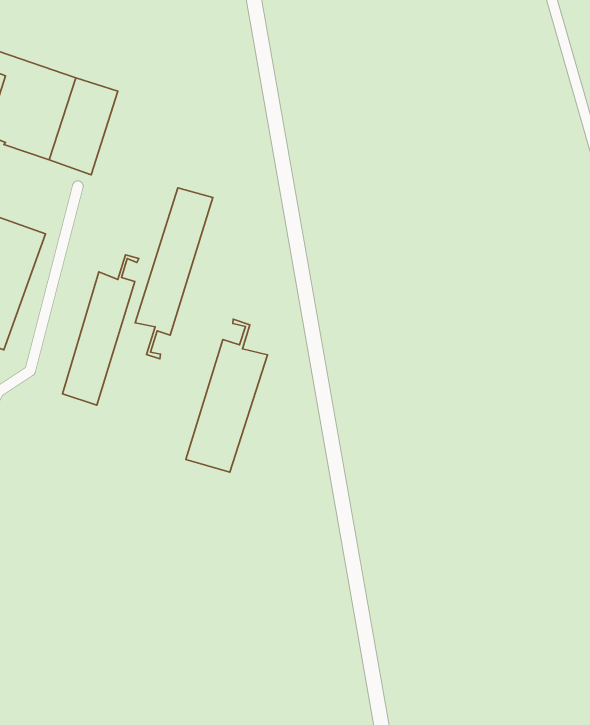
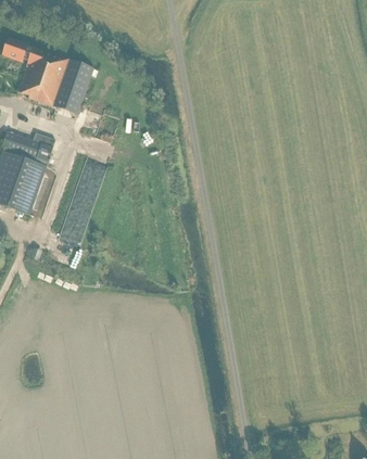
building: [135,188,213,359] -> none
building: [186,319,268,472] -> none

